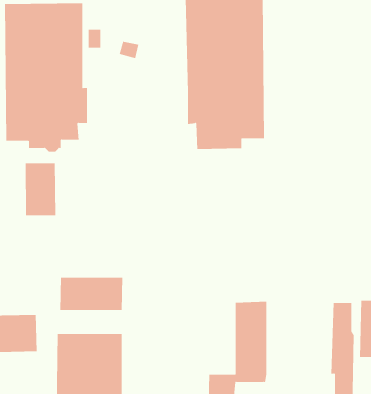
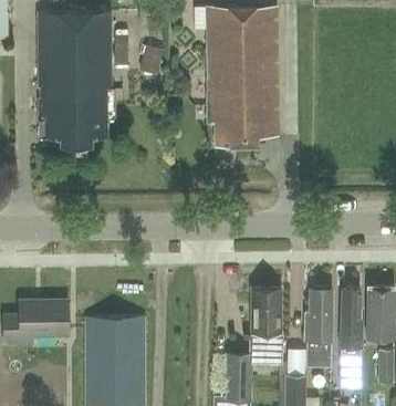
building: [25,163,56,216] -> none
building: [60,277,123,311] -> none
building: none -> [305,287,332,357]

